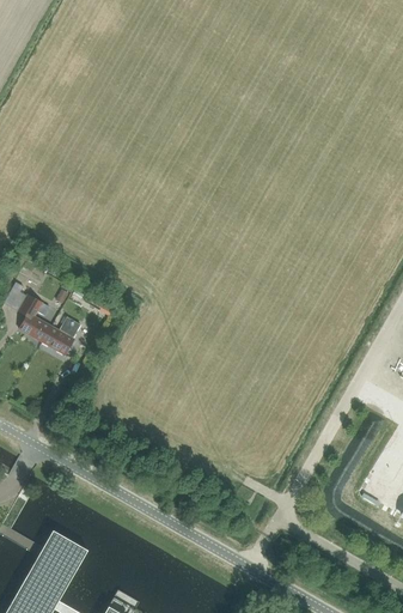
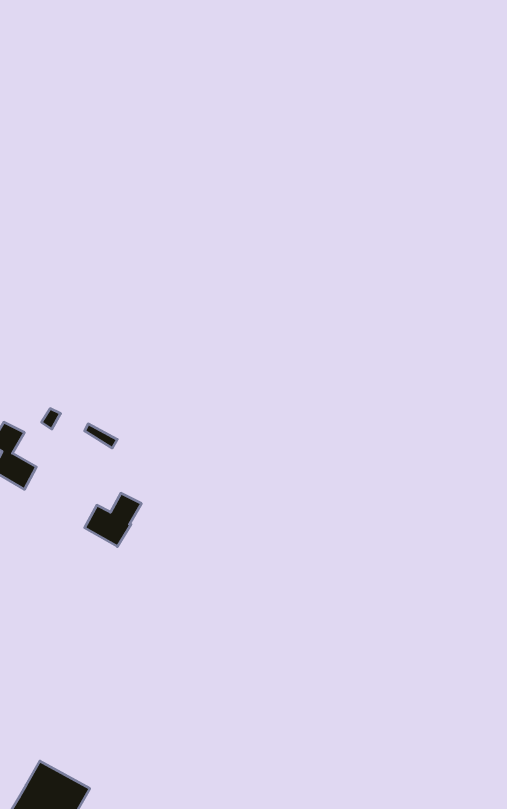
building: [43,318,83,356] -> [85,493,141,547]

